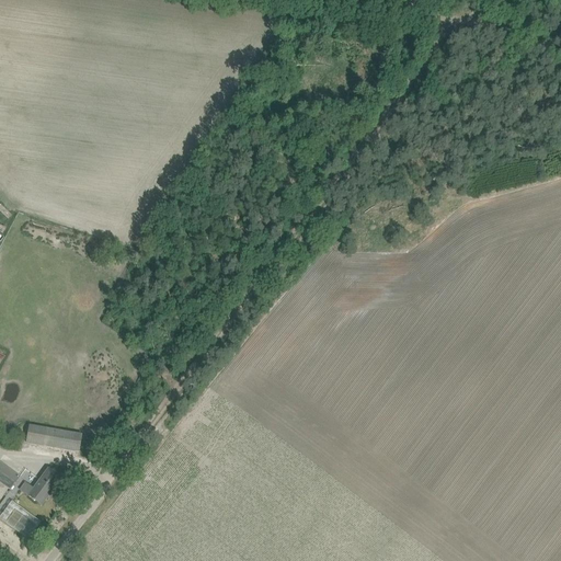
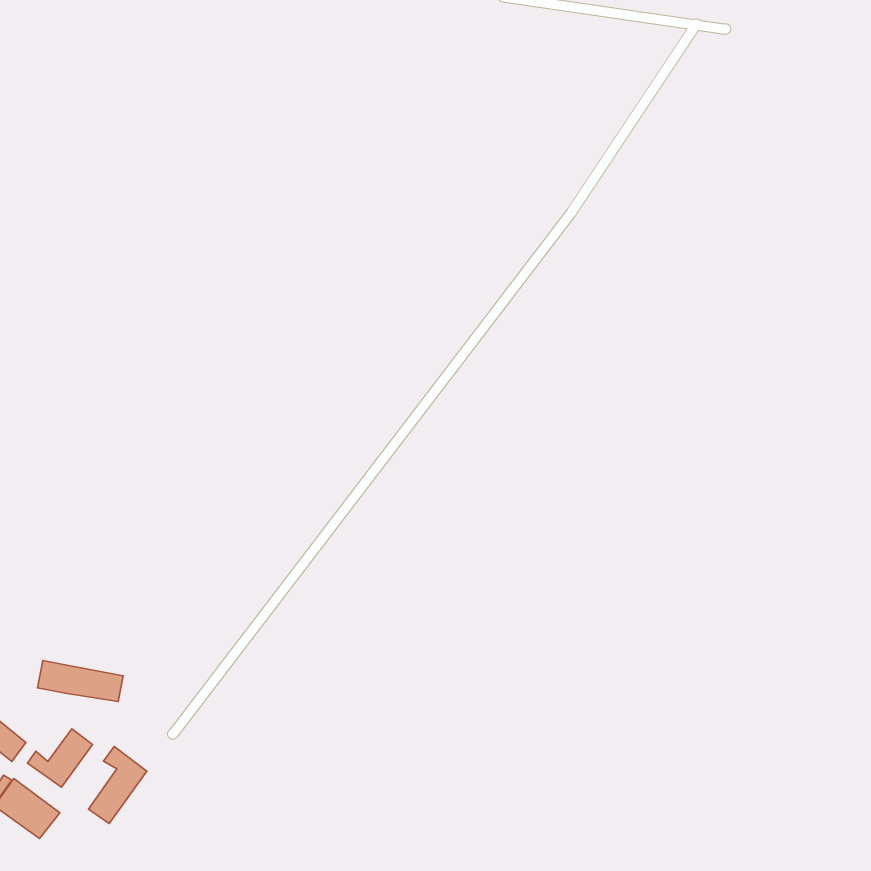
building: none -> [88,747,147,824]

